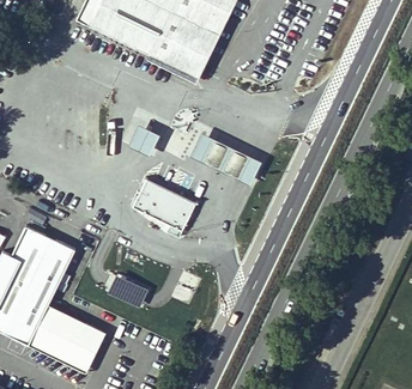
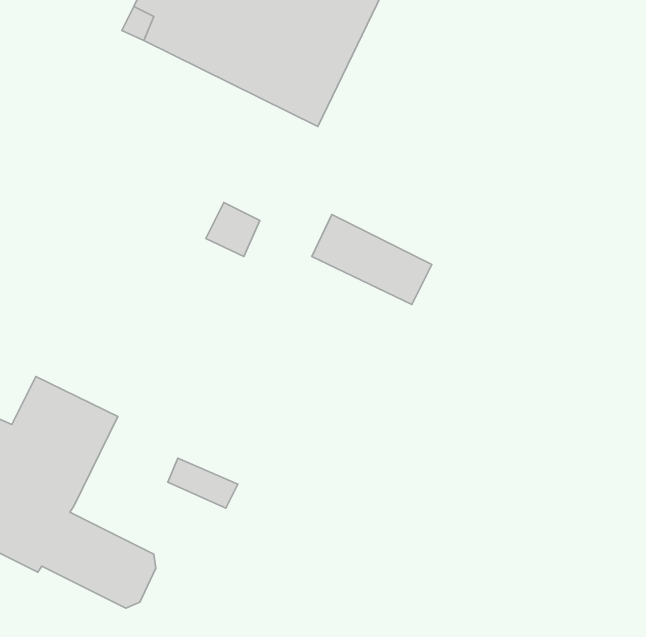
building: [132,180,194,236] -> none
building: [26,304,107,373] -> none

